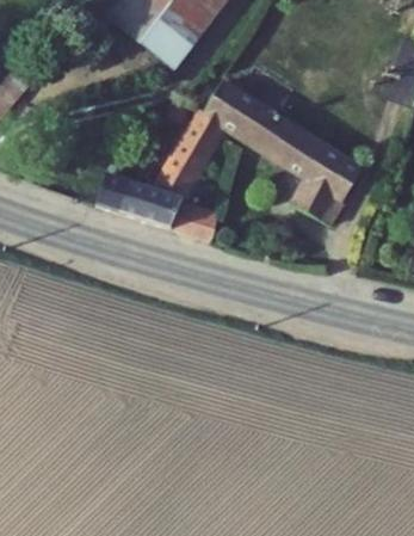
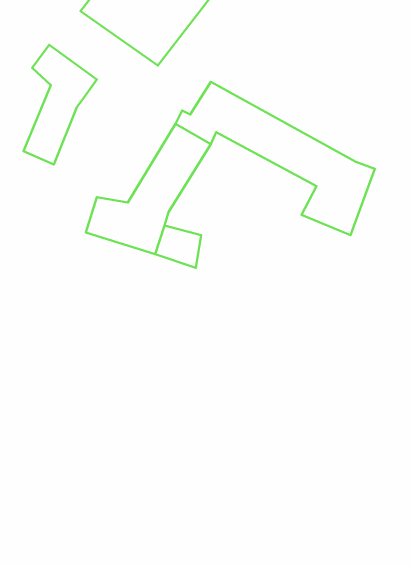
building: none -> [24,45,97,164]

